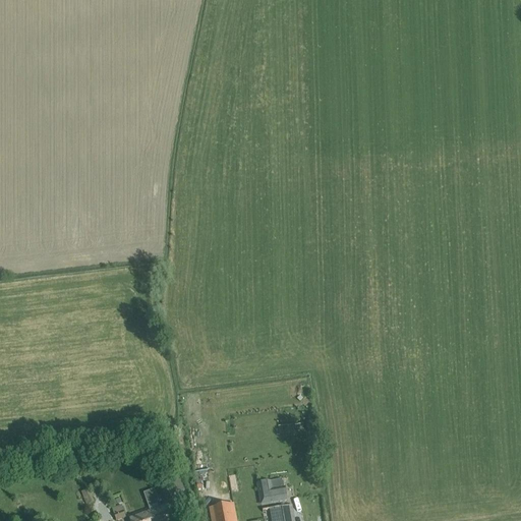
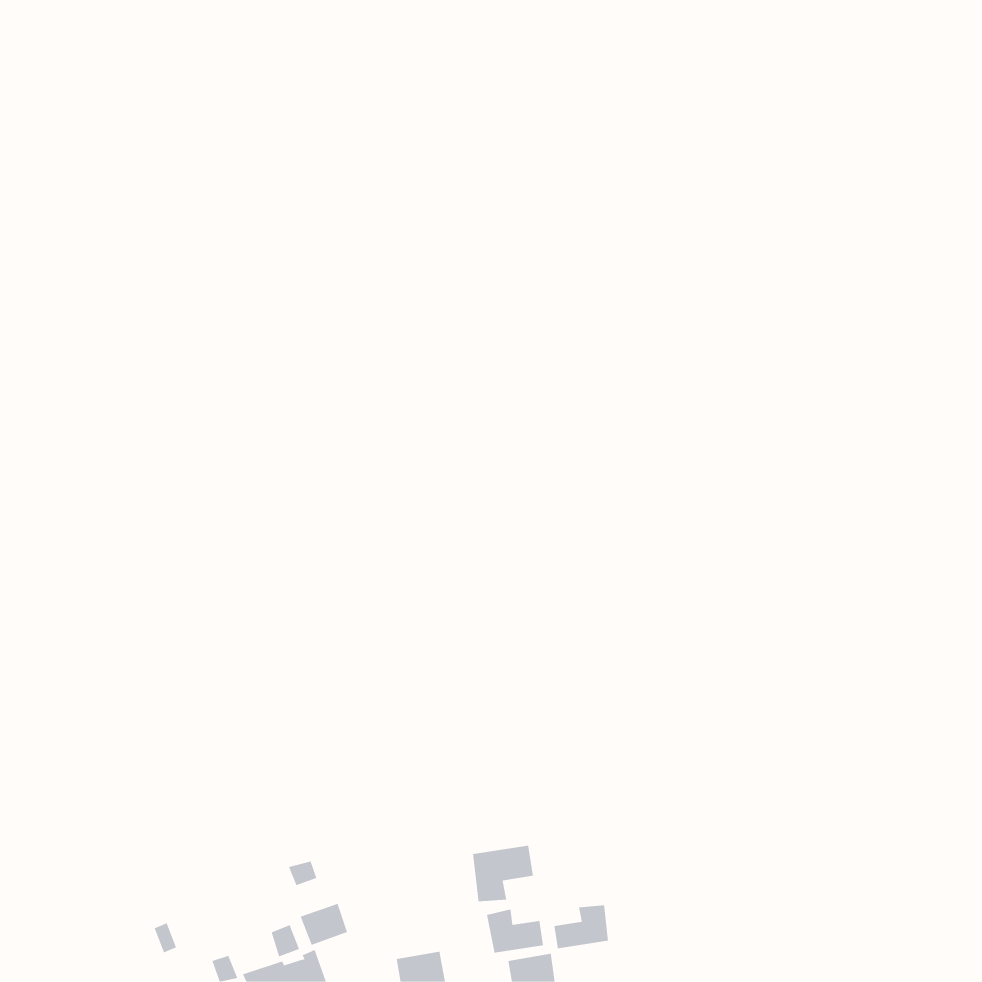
building: none -> [473,845,533,902]
building: none -> [554,904,608,949]

